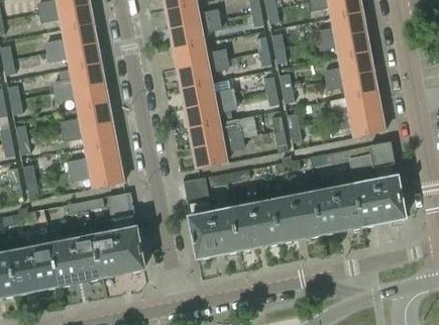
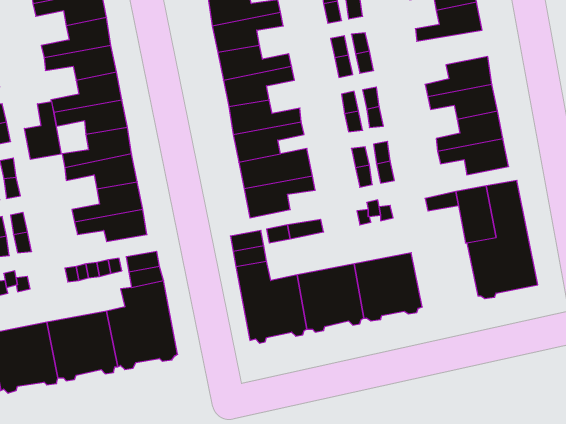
building: [318,31,369,57] -> none
building: none -> [24,102,61,159]
building: [314,186,362,234] -> none

